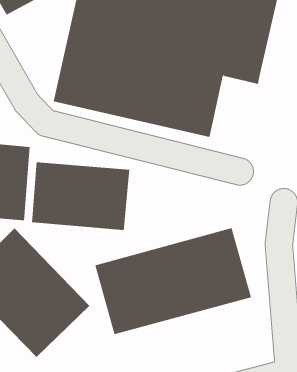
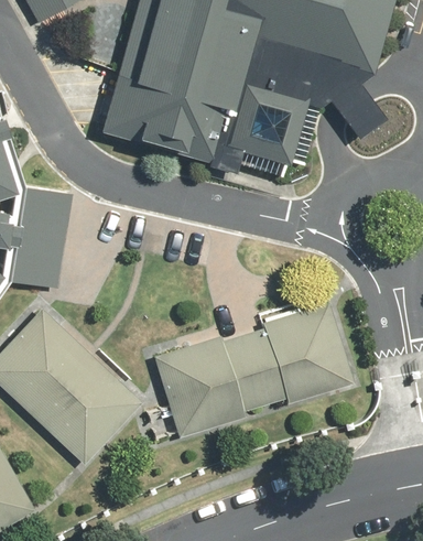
building: [31,162,130,231] -> none

